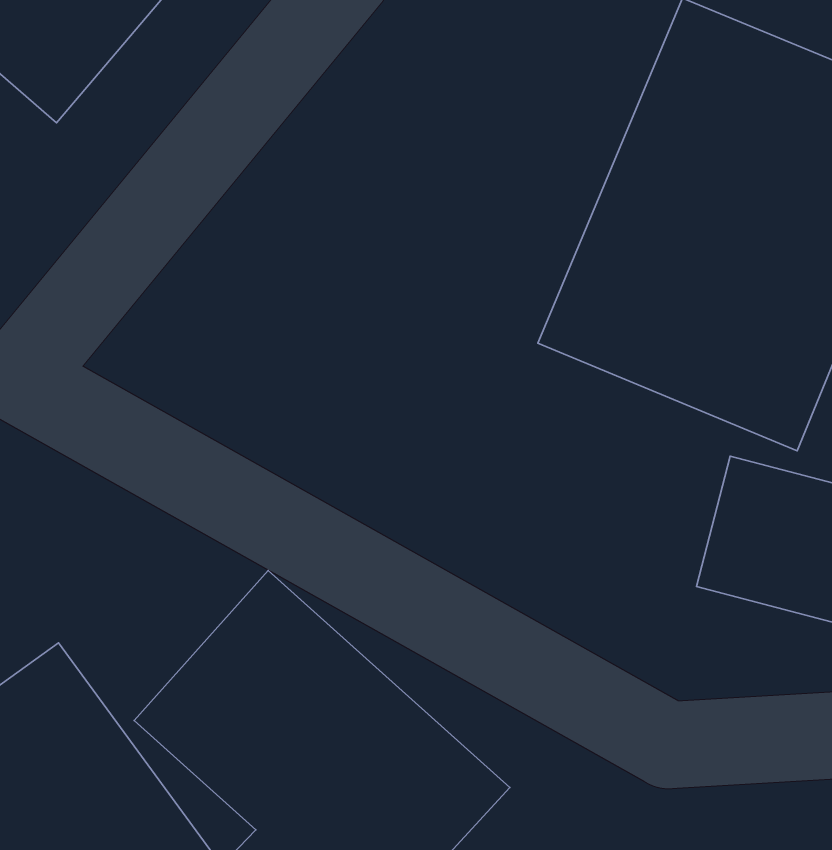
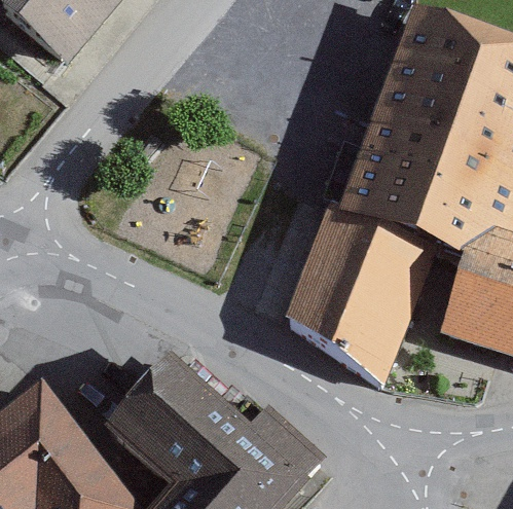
building: none -> [276,216,440,378]

